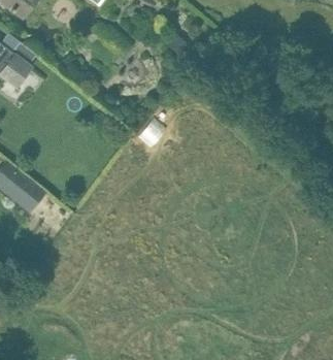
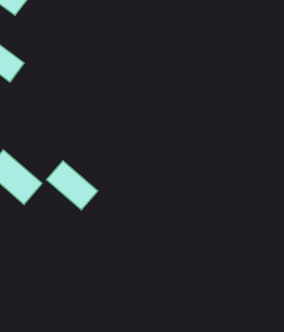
building: none -> [46,161,98,210]

